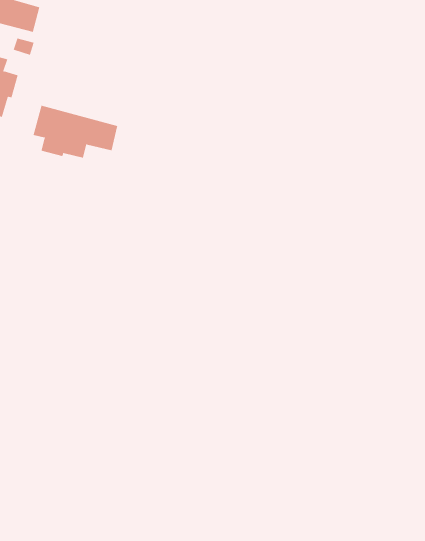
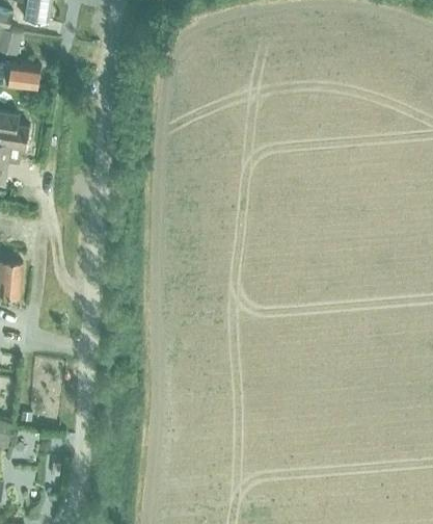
building: [33,105,118,158] -> none

